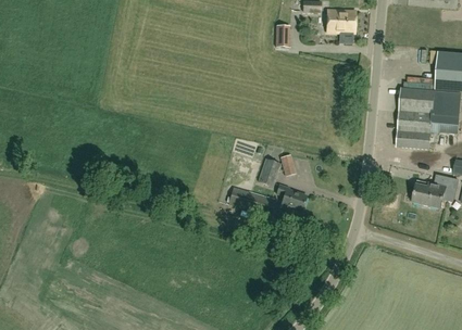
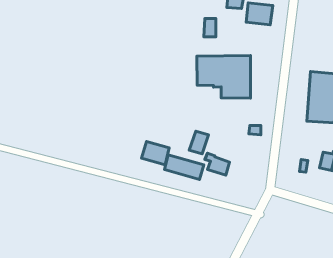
building: none -> [197,55,251,98]
building: none -> [141,142,169,165]

